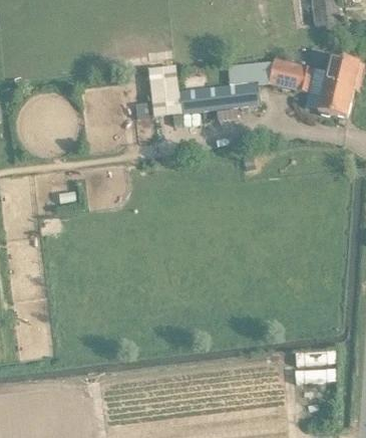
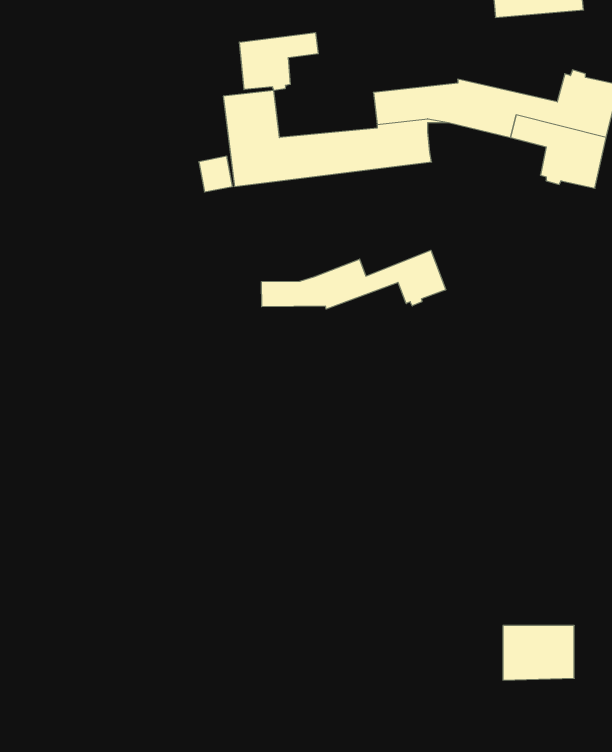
building: none -> [239,33,318,91]
building: none -> [262,250,446,309]

